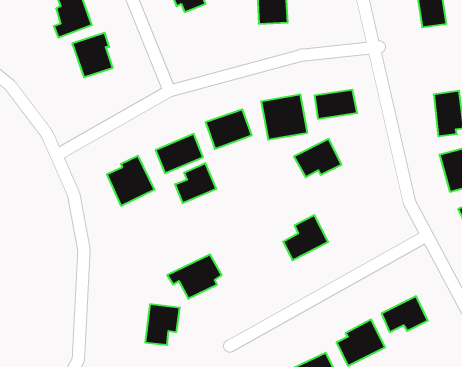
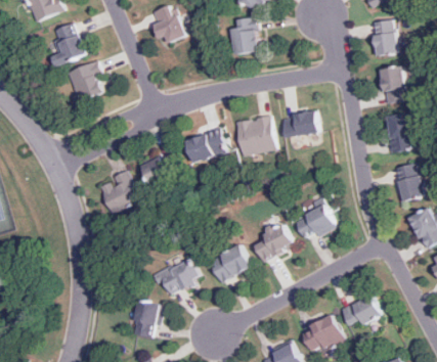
building: none -> [377,66,406,103]
building: [294,139,341,177] -> [294,205,336,238]
building: [175,163,216,203] -> none
building: none -> [210,244,251,281]

